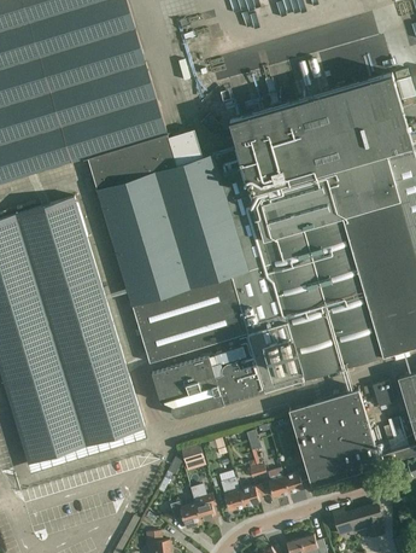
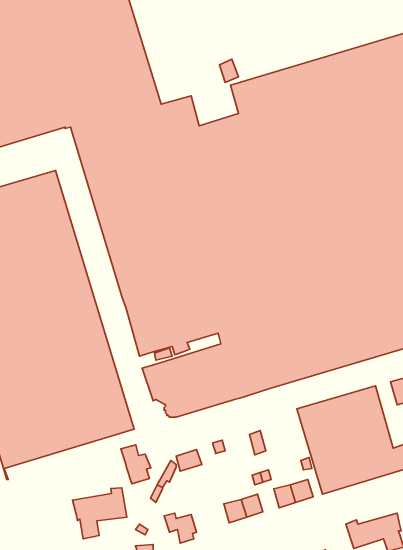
building: none -> [73,488,127,539]
building: [191,484,217,519] -> [121,445,151,484]

